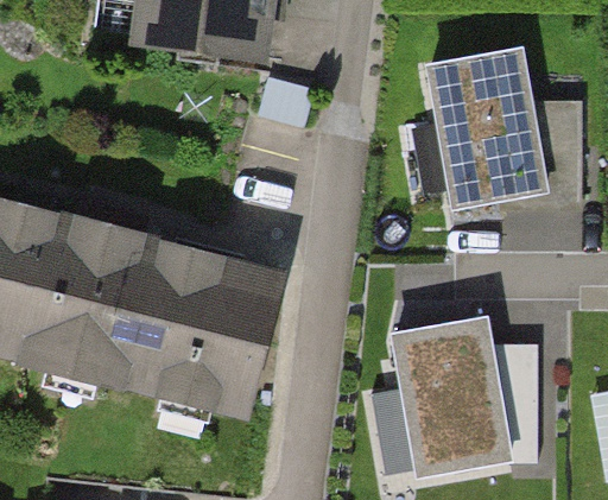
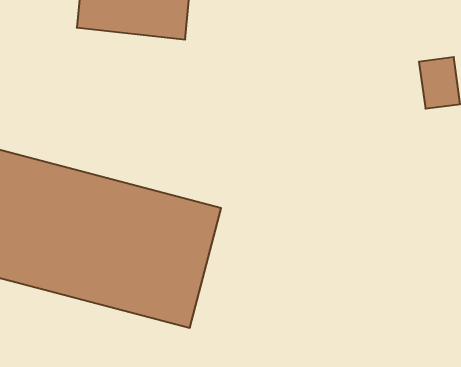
building: [405,43,528,201] -> none
building: [393,311,540,470] -> none

